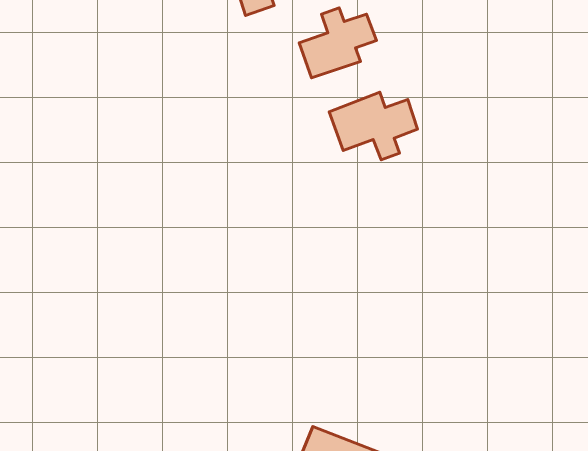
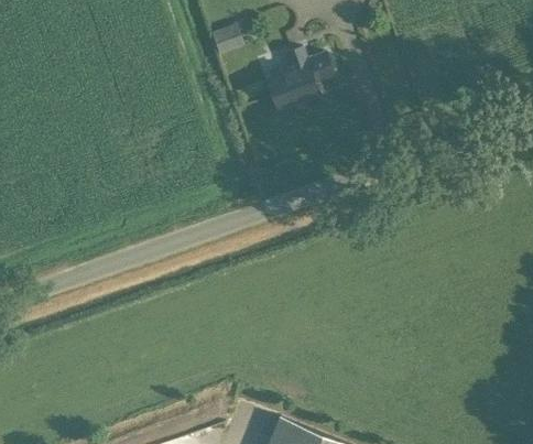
building: [329,92,418,160] -> none

